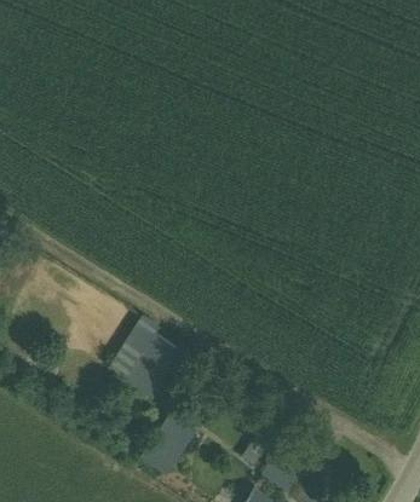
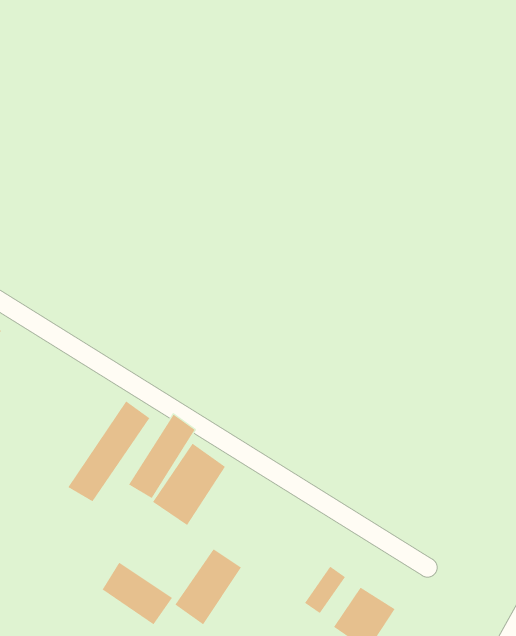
building: none -> [67,401,150,502]
building: none -> [102,562,173,625]

